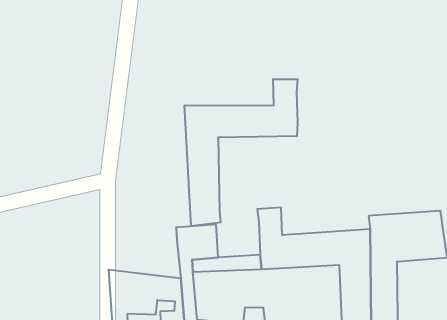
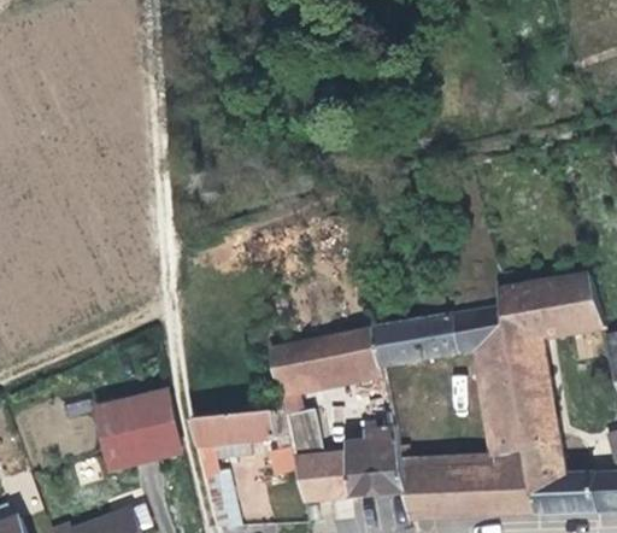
building: [185,79,297,226] -> none
building: none -> [312,324,372,376]
building: none -> [96,392,183,468]

